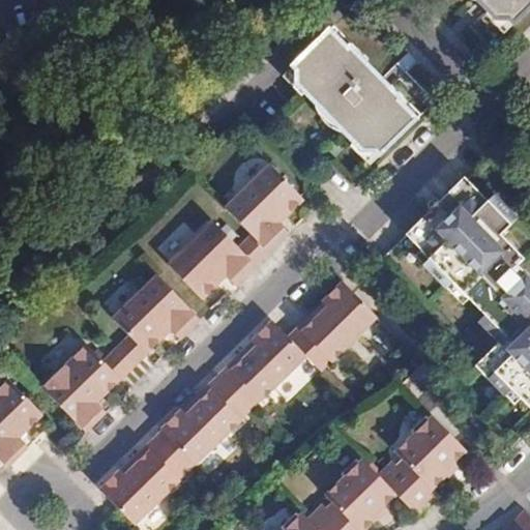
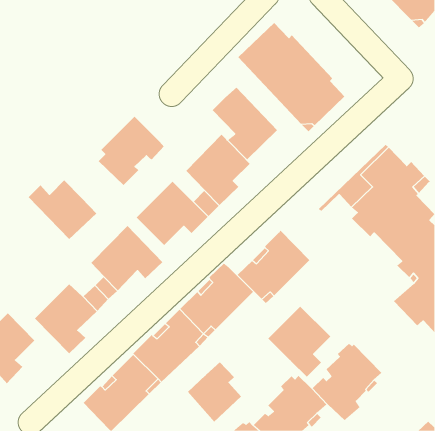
building: none -> [212,87,278,160]
building: none -> [98,116,164,186]
building: none -> [28,180,97,240]
building: none -> [268,306,331,378]
building: none -> [187,362,242,423]

